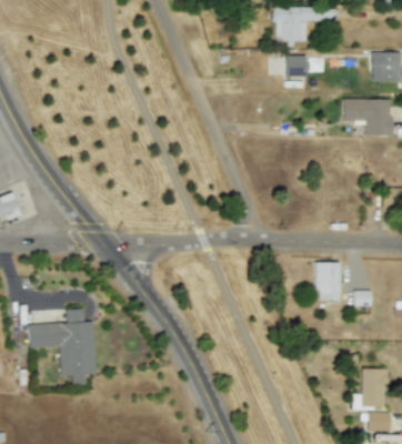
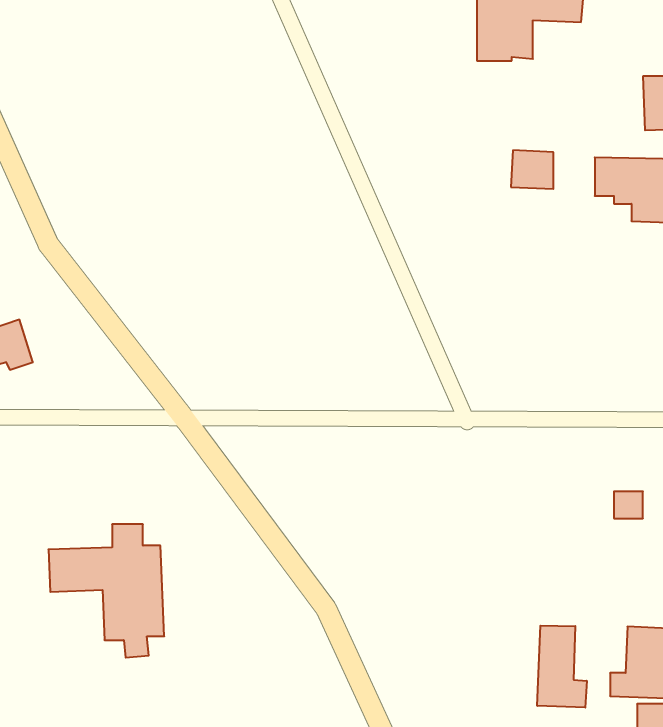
building: [285,54,310,77] -> [511,150,553,189]
building: [314,262,340,300] -> none
building: none -> [537,626,587,708]

